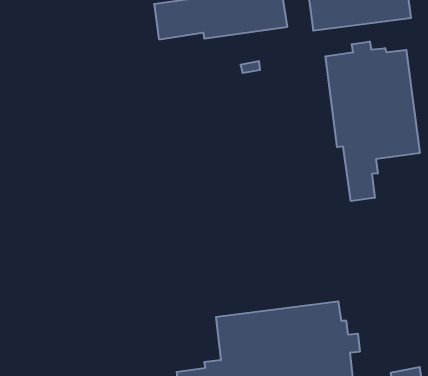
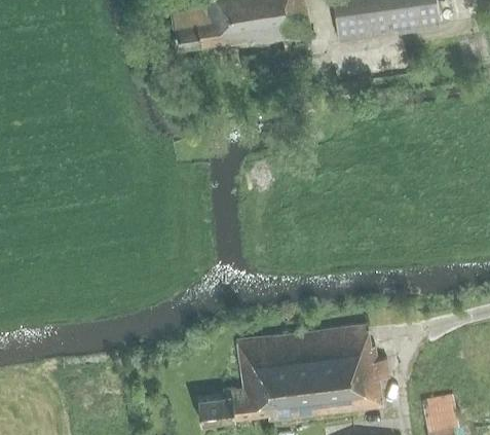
building: [325,41,420,201] -> none

